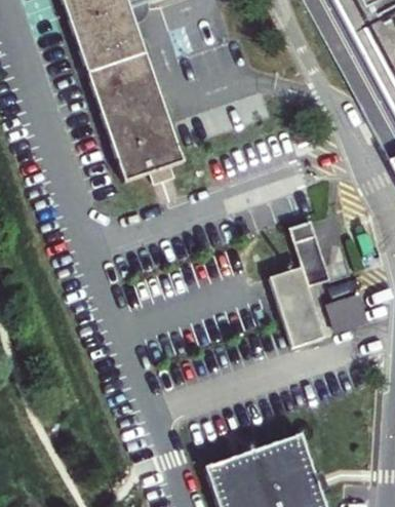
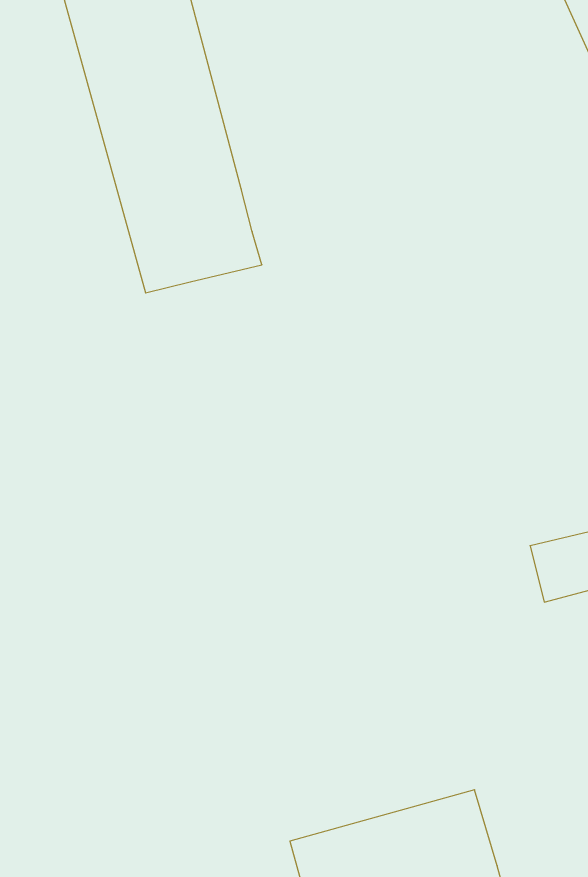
building: [278,219,338,346] -> none

